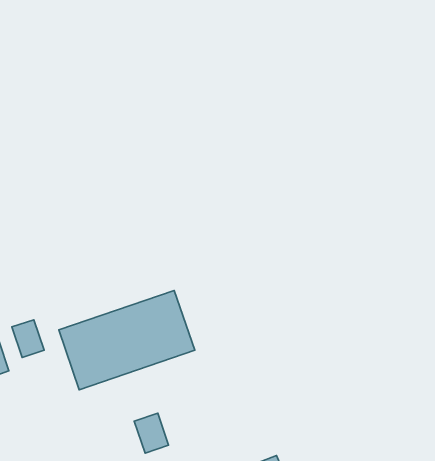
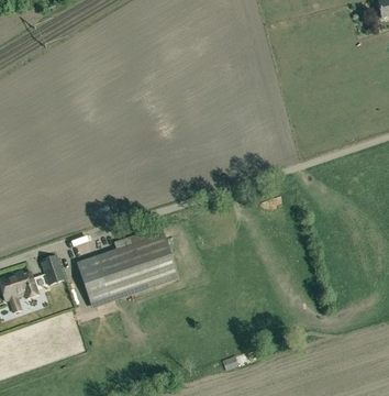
building: [134,413,169,453] -> none

